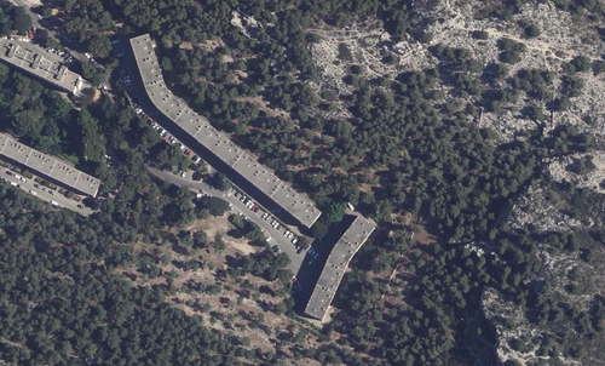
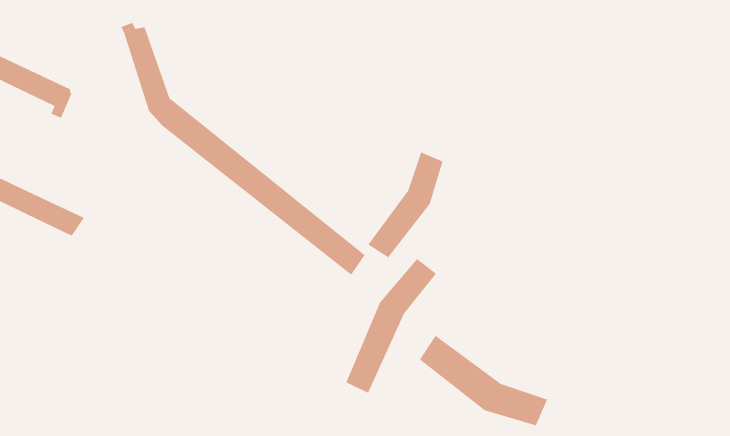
building: none -> [368,152,443,258]
building: none -> [419,335,548,426]

